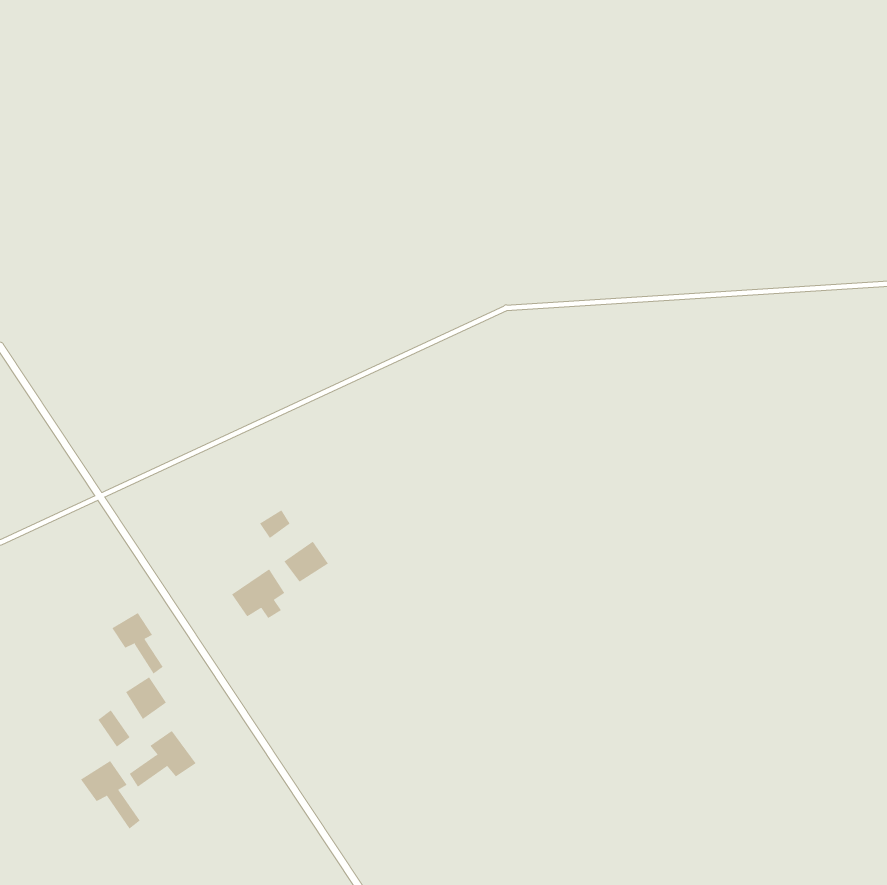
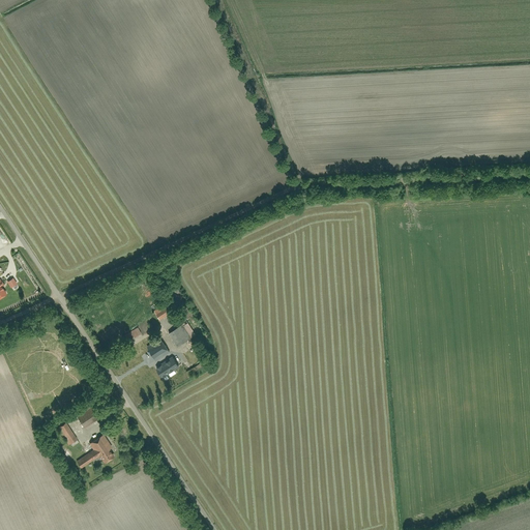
building: [111,612,163,674] -> none
building: [80,760,141,830] -> none

